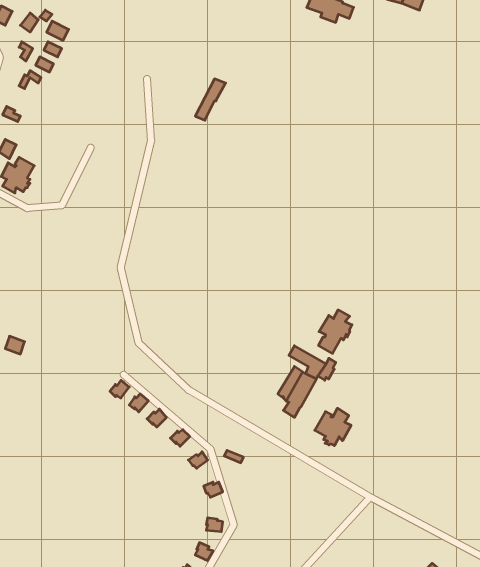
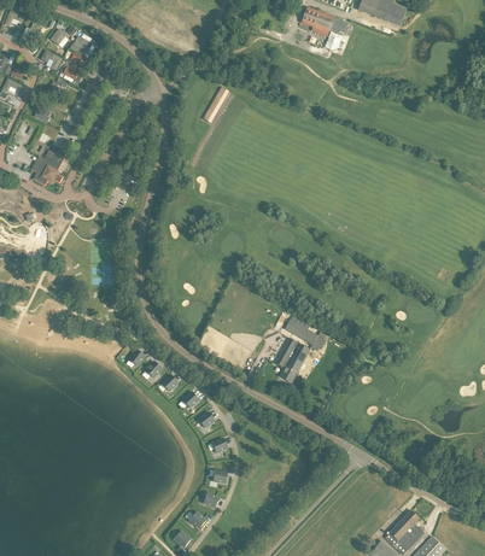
building: [319,310,352,353] -> none
building: [315,408,351,446] -> none

